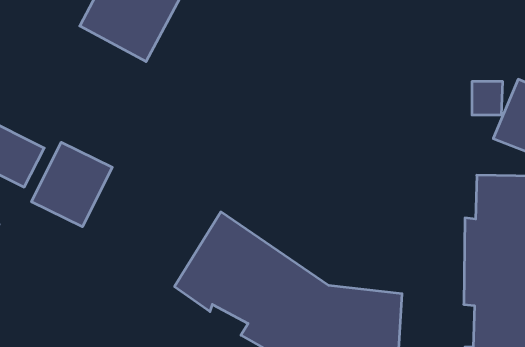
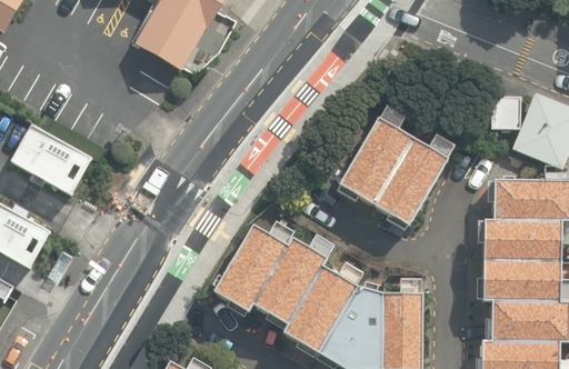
building: none -> [333,124,443,229]
building: [32,142,112,227] -> none

